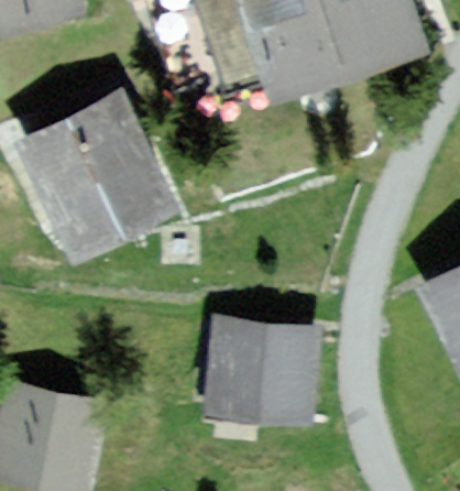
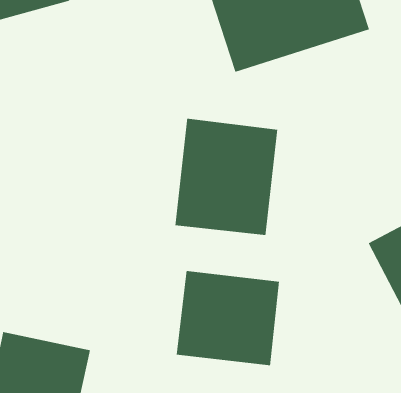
building: [15,92,179,260] -> none
building: none -> [175,118,278,236]

